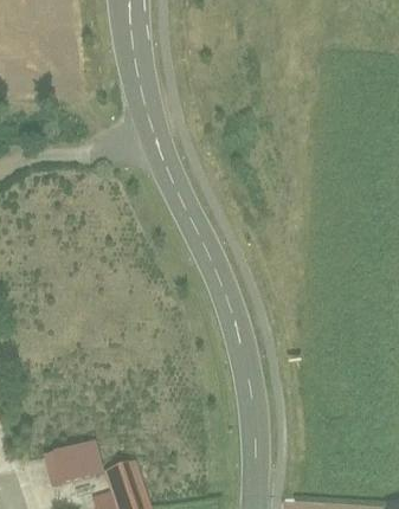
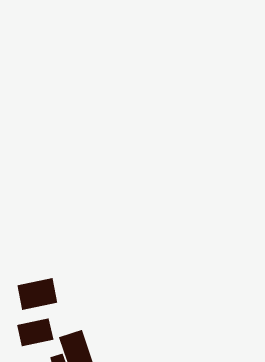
building: none -> [16,277,58,311]

